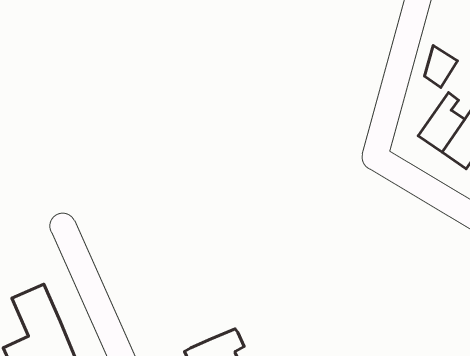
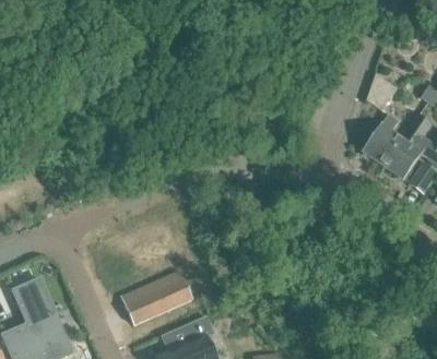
building: none -> [121,270,192,324]

